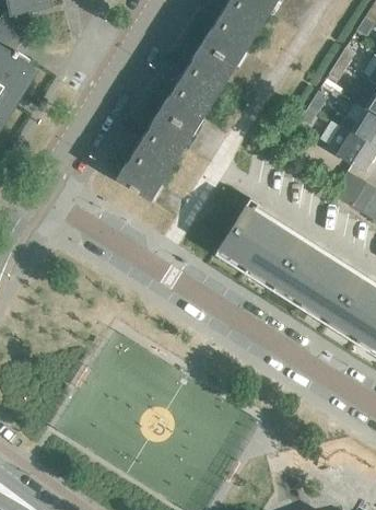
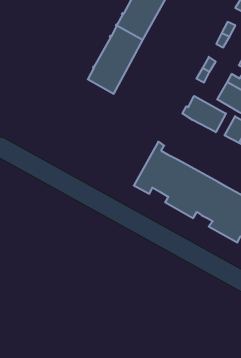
building: [116,111,193,199] -> none
building: none -> [182,96,226,132]

